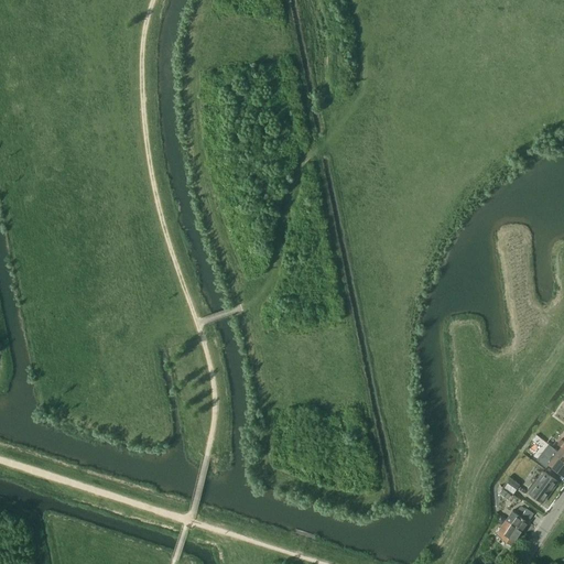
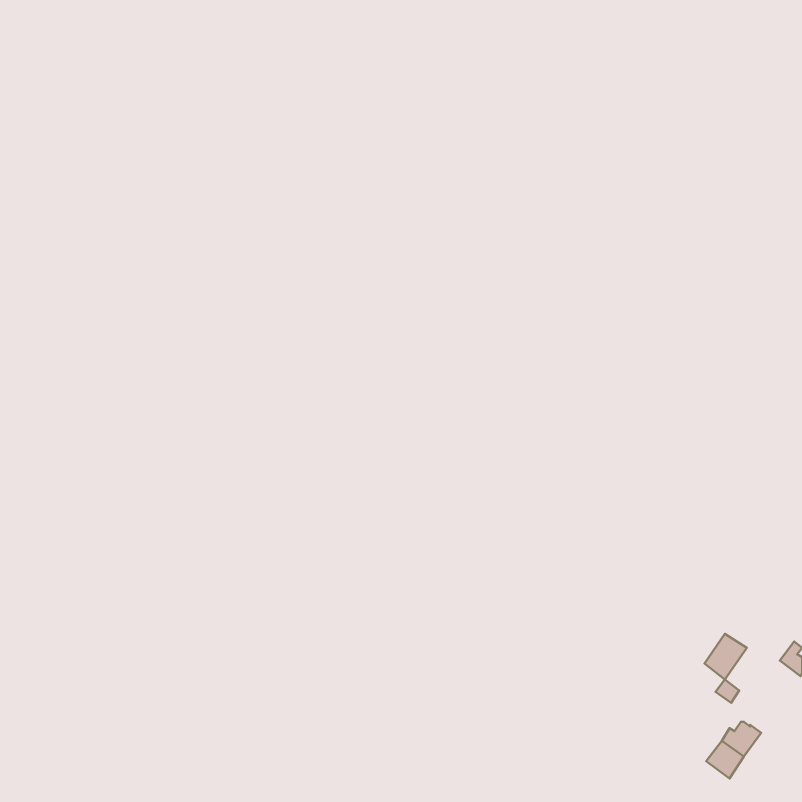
building: [528,470,557,502] -> [705,634,747,679]

